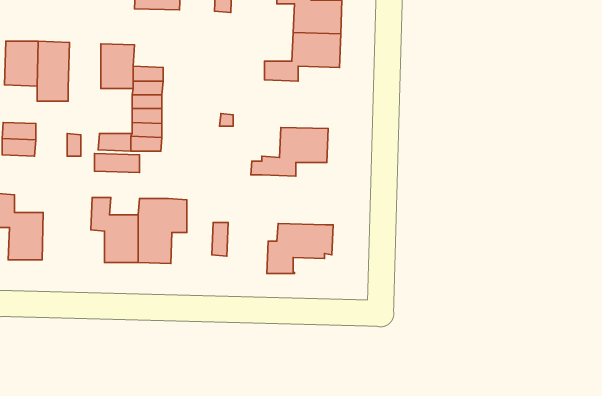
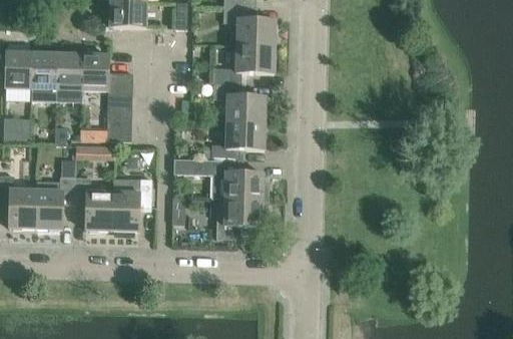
building: none -> [56,53,82,101]
building: none -> [213,83,266,122]
building: none -> [35,158,75,229]
building: none -> [173,158,270,200]

